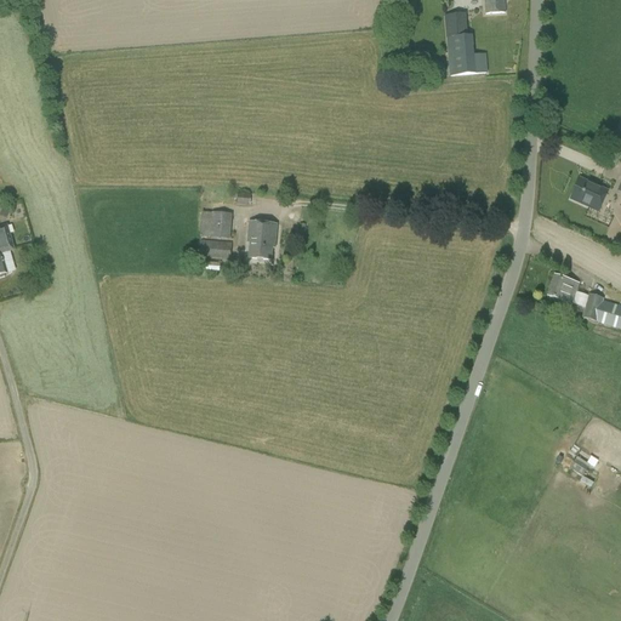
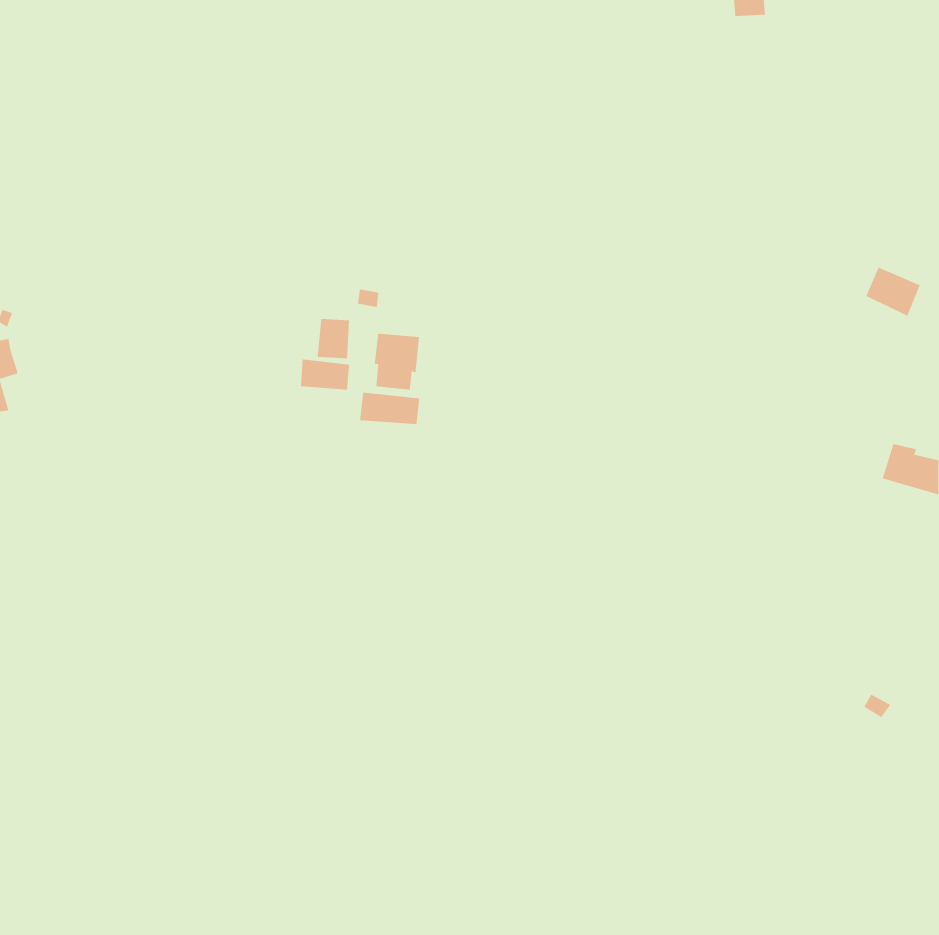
building: [443,11,486,74] -> none
building: none -> [359,392,420,425]
building: [547,273,577,302] -> none

